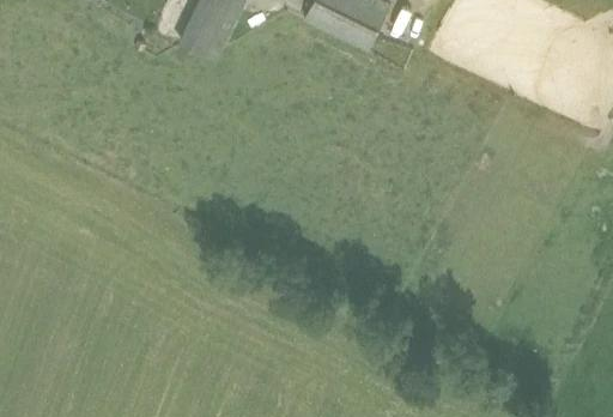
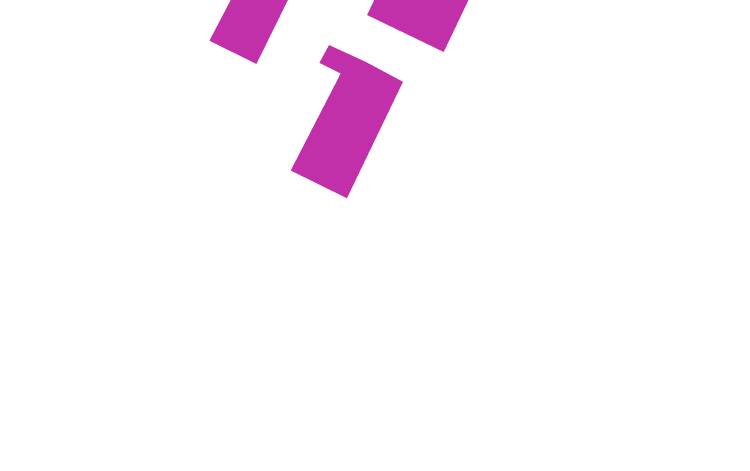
building: none -> [290,44,404,199]

